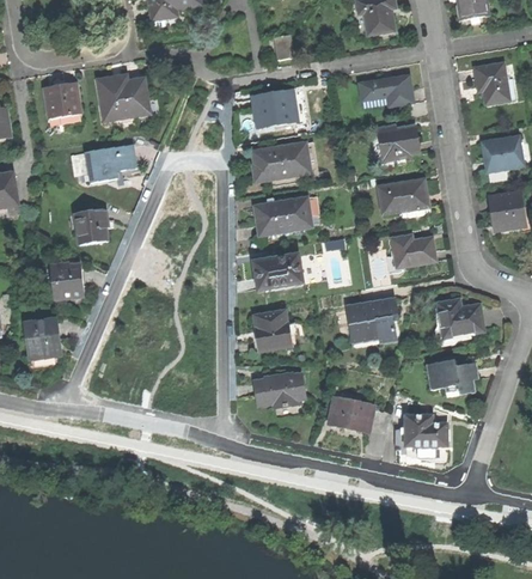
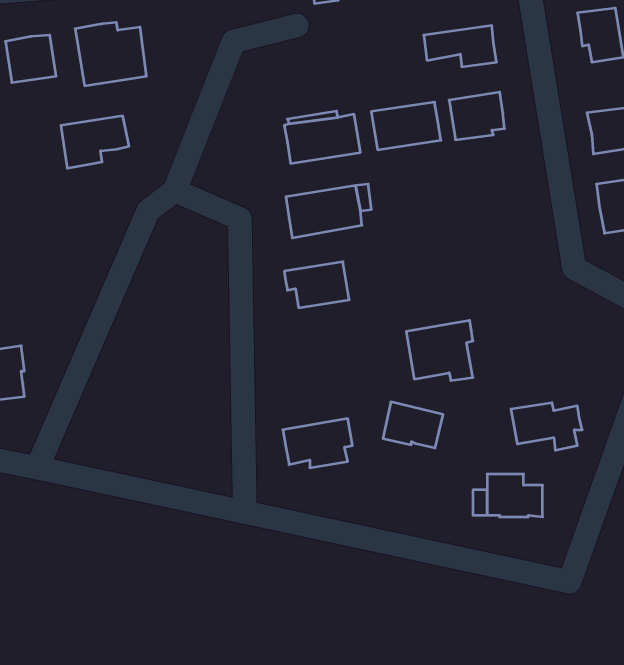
building: [252,92,296,127] -> none
building: [377,179,429,215] -> [371,102,441,150]
building: [74,209,108,245] -> none
building: [392,234,436,267] -> none
building: [49,263,84,298] -> none
building: [438,299,484,340] -> none
building: [255,310,293,351] -> none
building: [329,396,374,431] -> [383,402,443,448]

